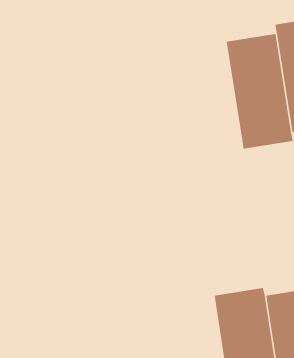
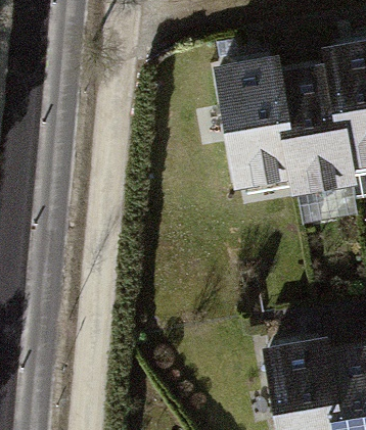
building: none -> [225,48,302,180]

